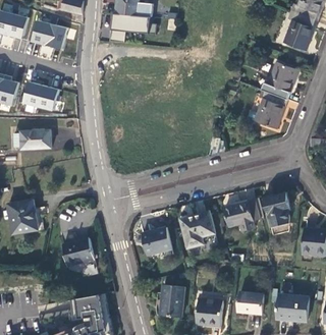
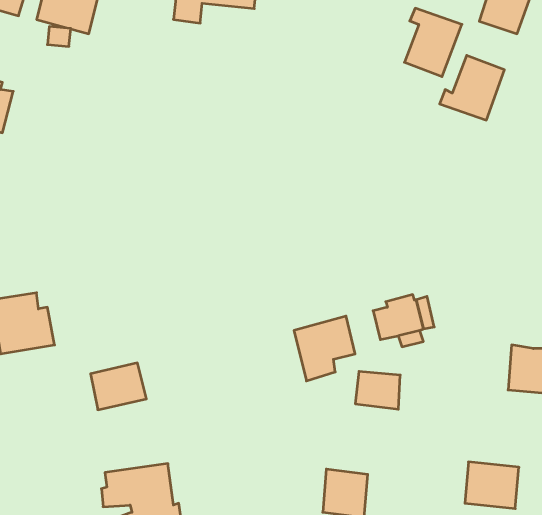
building: [24,81,59,111] -> none
building: [255,90,287,128] -> [404,8,462,77]
building: [21,128,51,146] -> none
building: [263,191,289,225] -> none
building: [141,227,169,253] -> none
building: [158,283,182,315] -> none
building: [235,290,261,312] -> [355,371,400,409]

